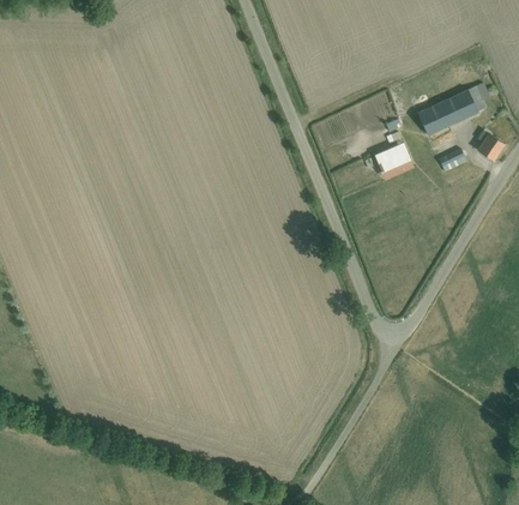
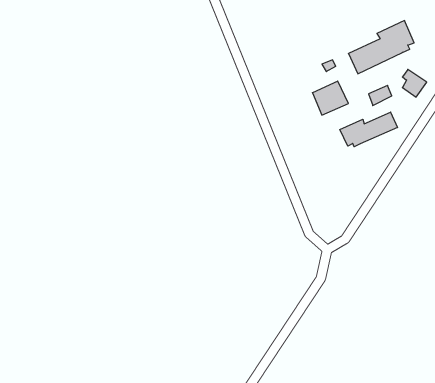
building: none -> [340,112,397,147]

